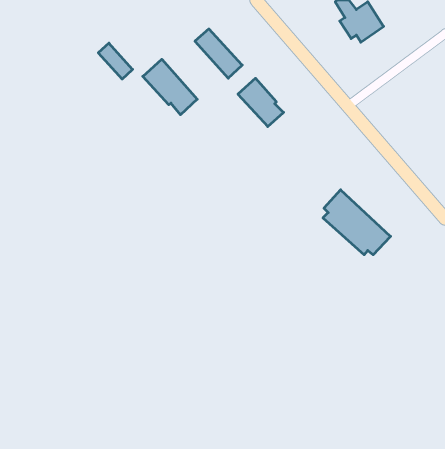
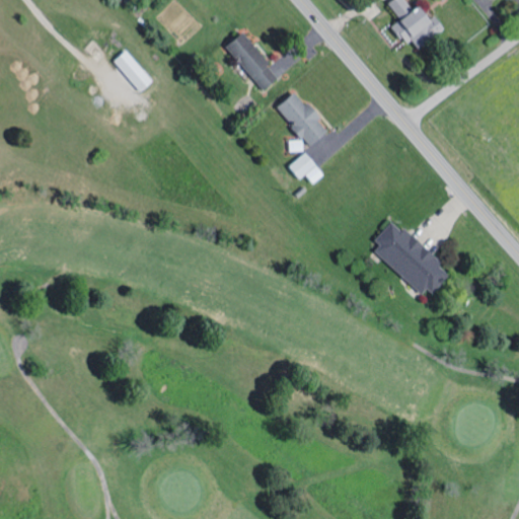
building: [143,59,197,115] -> none
building: none -> [288,152,323,183]

